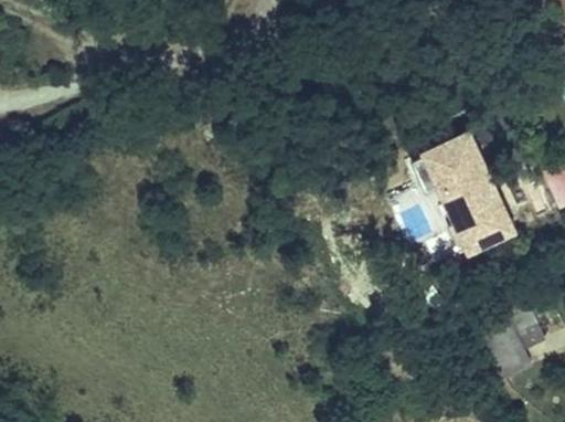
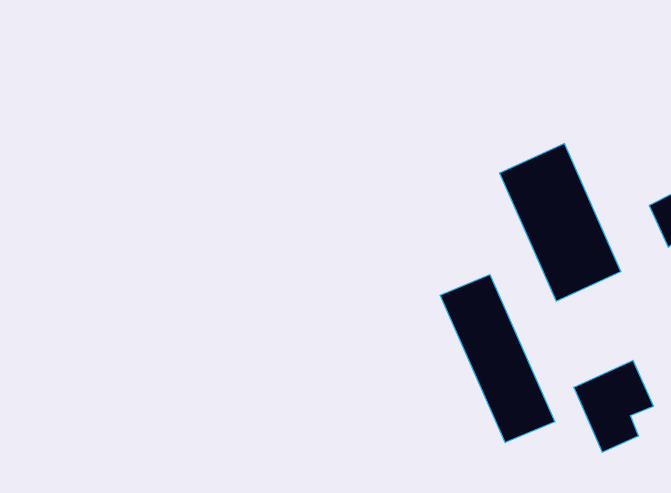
building: none -> [440,275,555,443]

